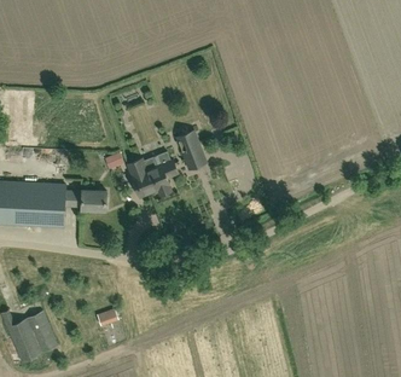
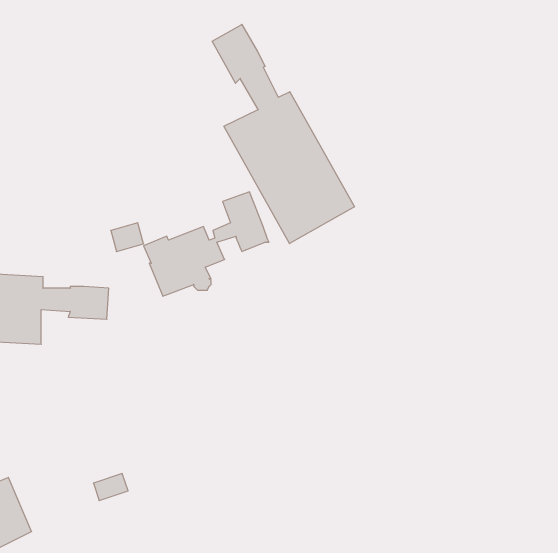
building: none -> [212,24,354,244]

